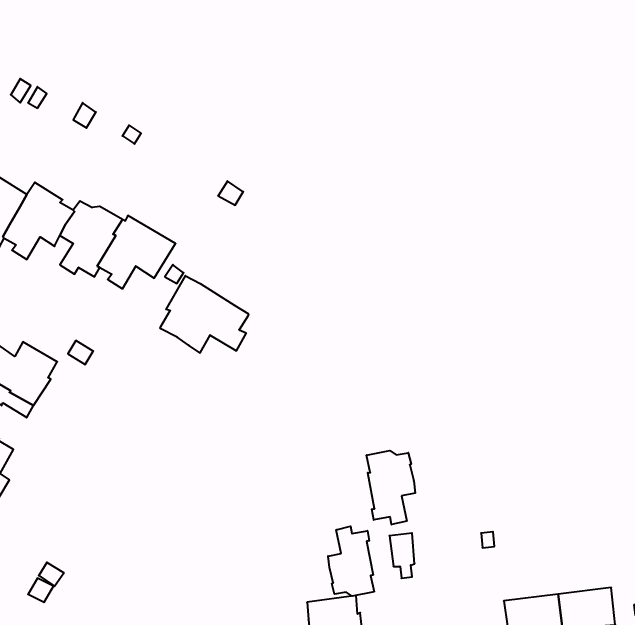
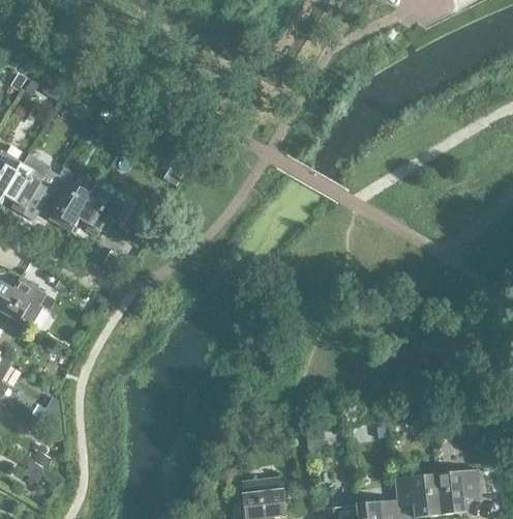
building: [160,276,248,353] -> none
building: [367,451,415,525] -> none
building: [328,526,374,596] -> none

